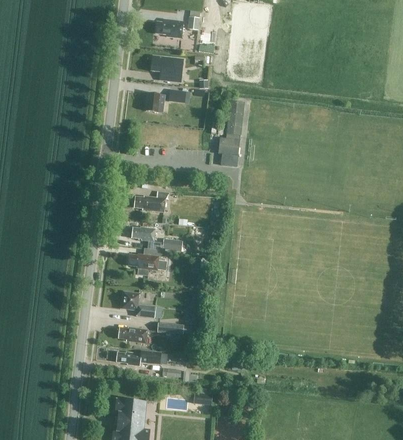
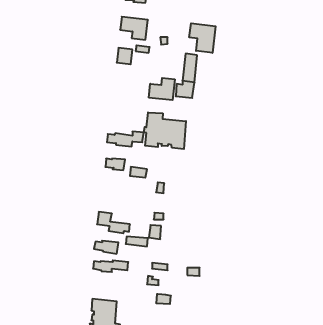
building: none -> [189,23,216,53]
building: none -> [149,78,175,100]
building: none -> [144,112,186,149]
building: [129,248,165,275] -> none

